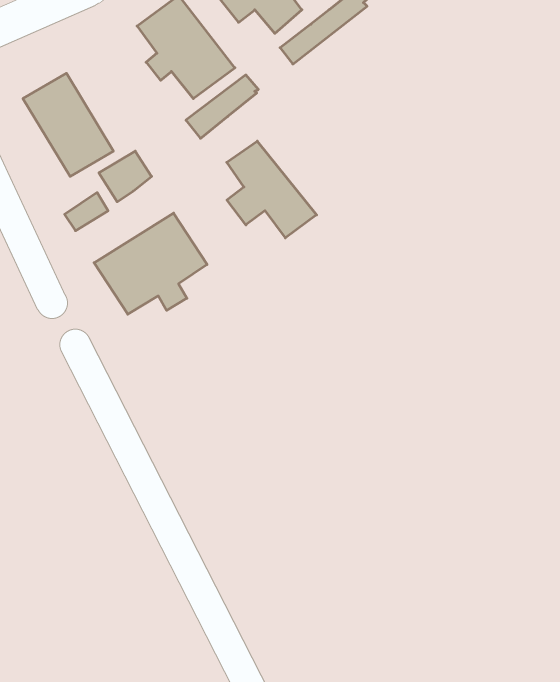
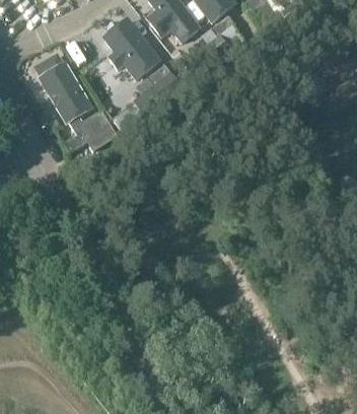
building: [227,141,317,238] -> none
building: [94,213,207,314] -> none

